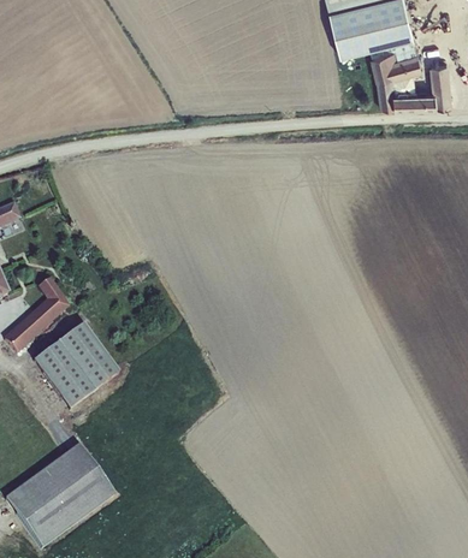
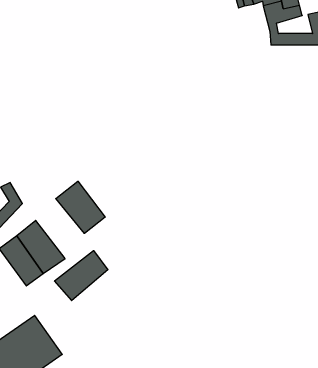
building: none -> [56,181,105,233]
building: none -> [55,251,108,301]

